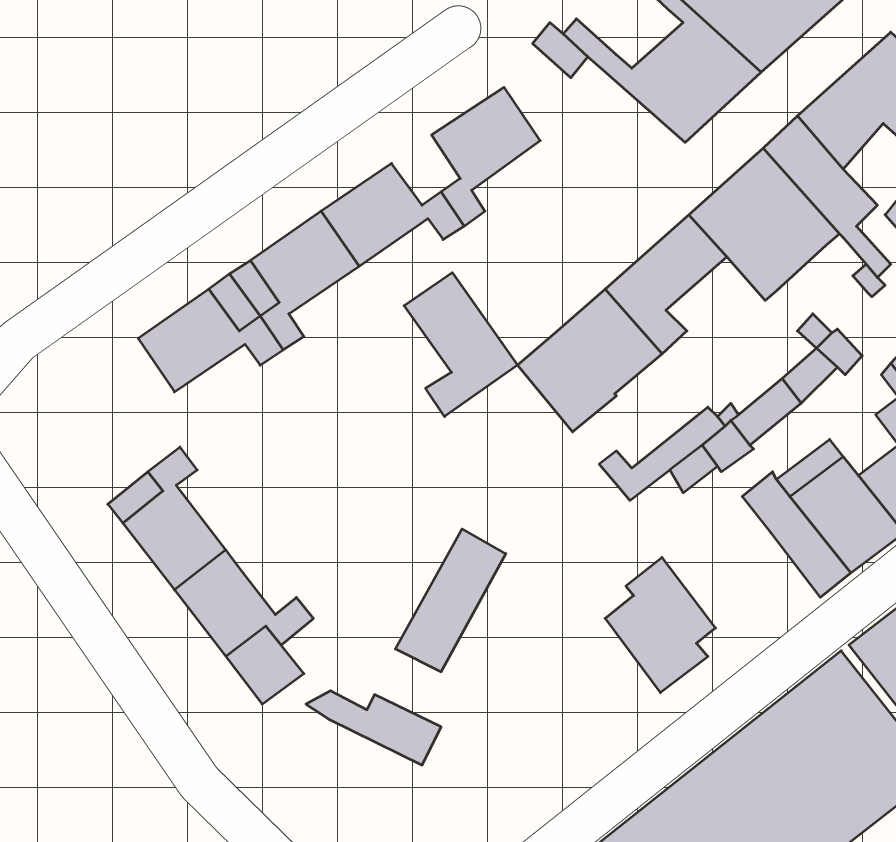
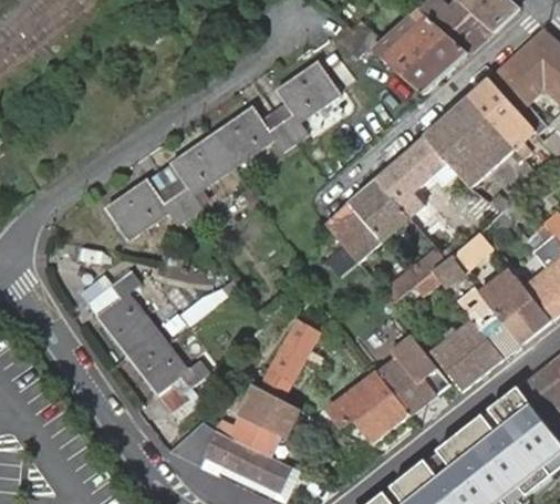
building: [404,273,517,417] -> none
building: none -> [432,320,502,390]
building: none -> [317,370,409,443]
building: none -> [237,384,300,436]
building: none -> [169,420,290,488]

